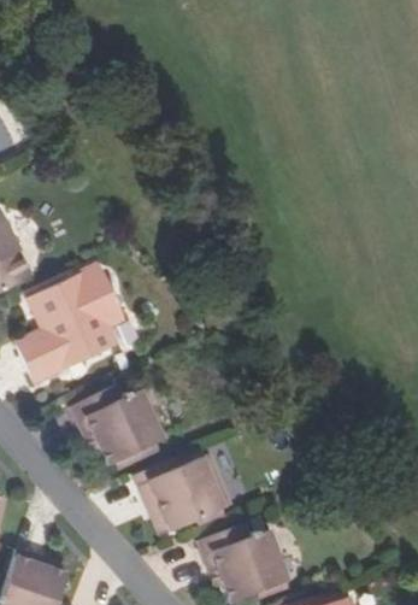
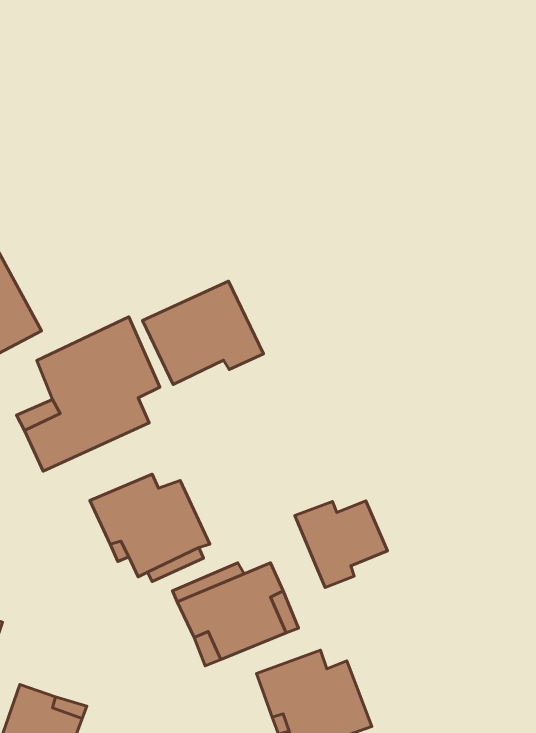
building: none -> [142,281,264,385]
building: none -> [295,501,388,588]

